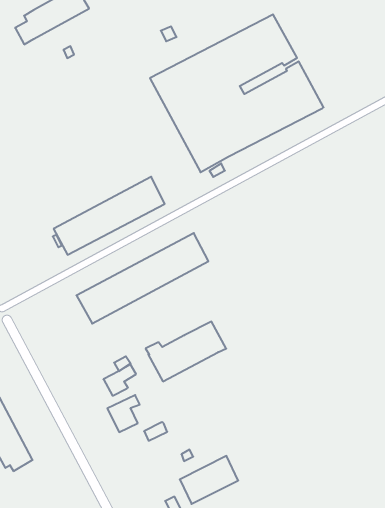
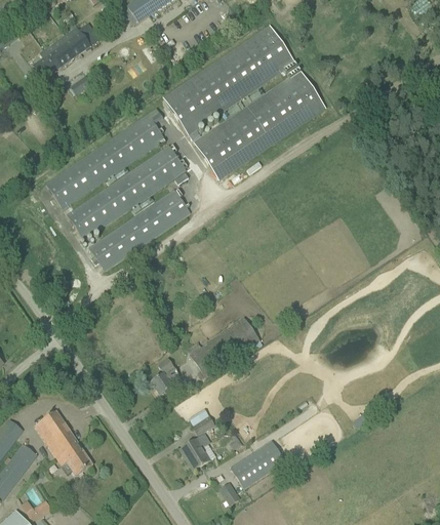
building: none -> [46,108,165,207]
building: [76,233,208,324] -> [67,145,186,239]
building: [107,395,140,432] -> [181,434,210,470]

